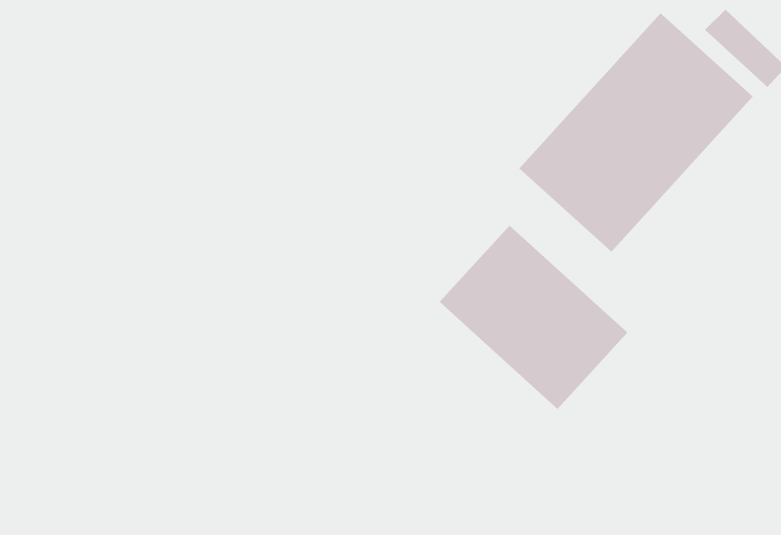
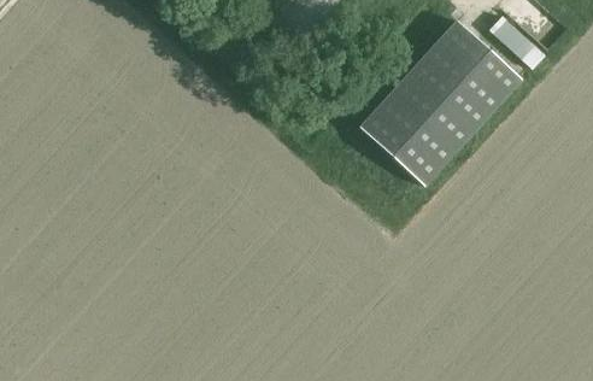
building: [439,225,628,410] -> none

